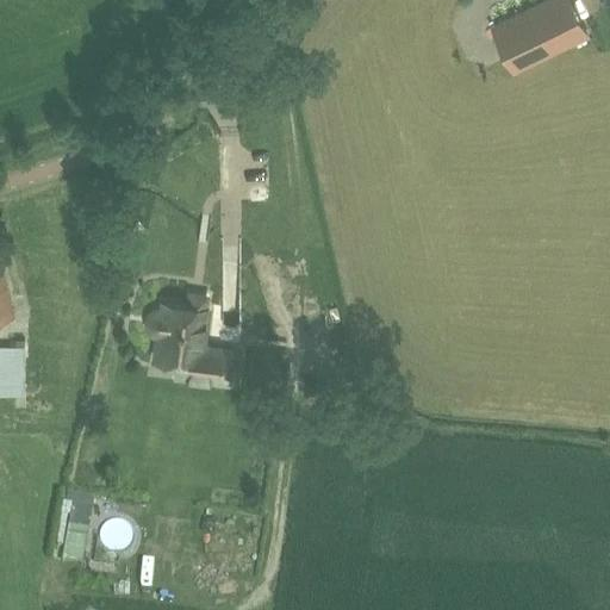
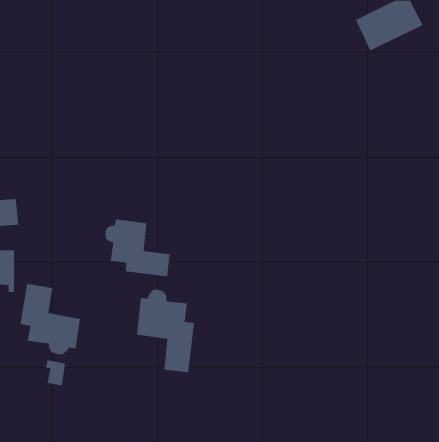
building: none -> [20,283,81,355]
building: none -> [137,289,195,373]

